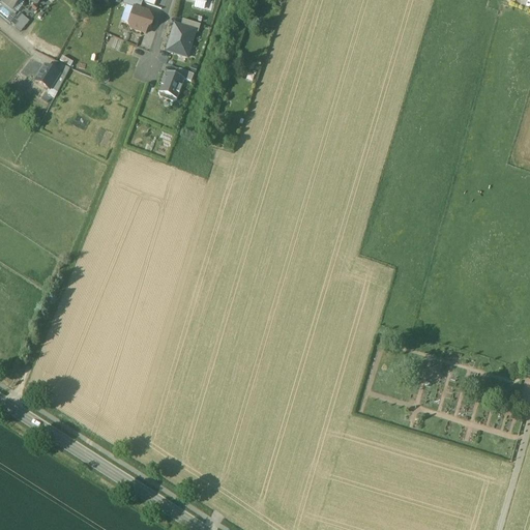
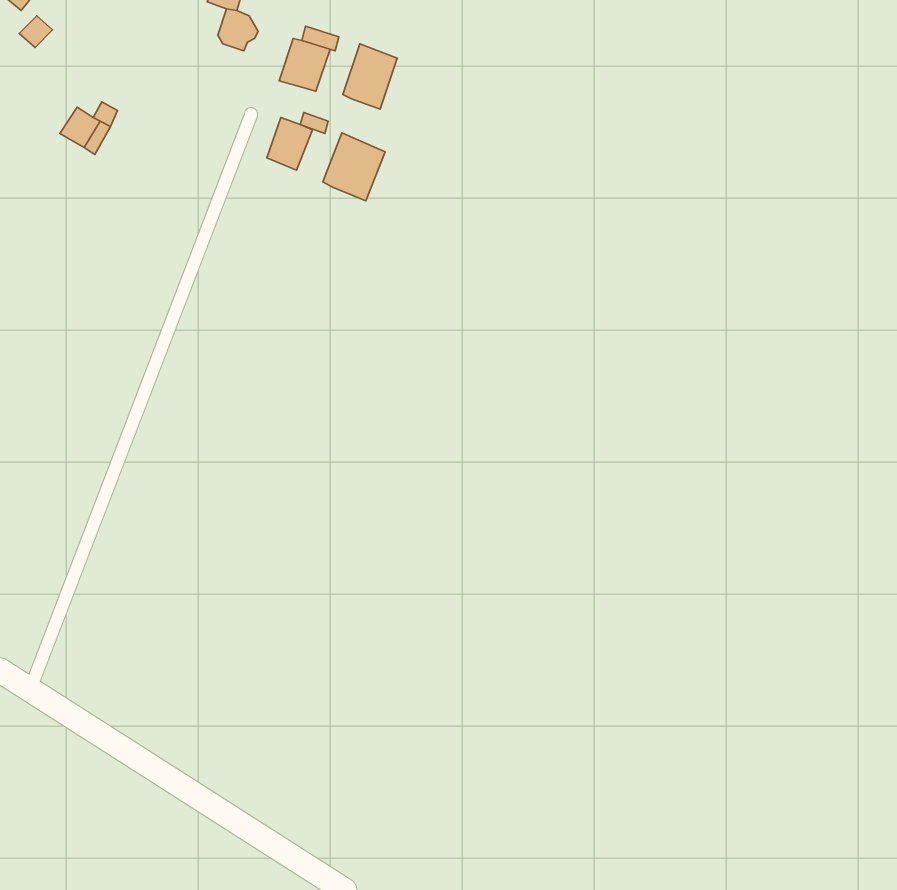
building: none -> [343,44,397,109]
building: none -> [323,133,385,201]

